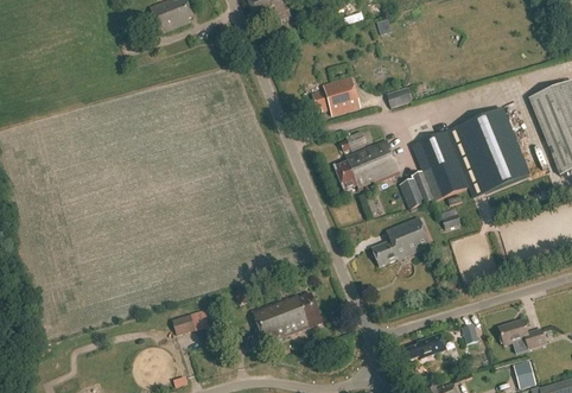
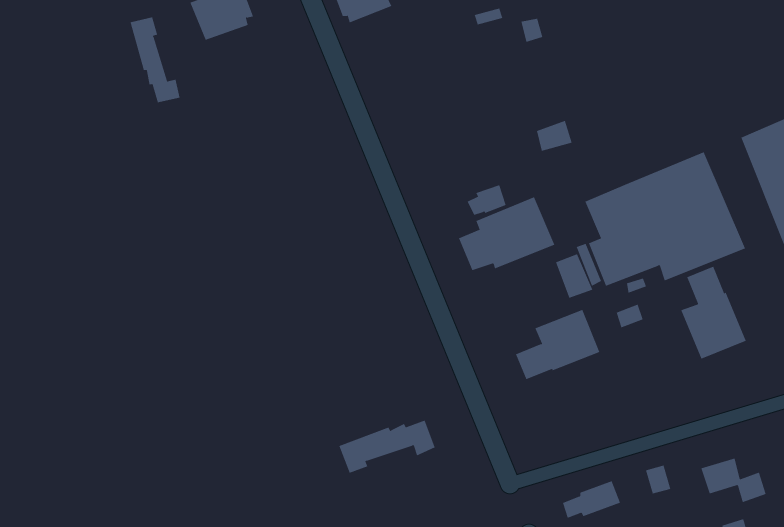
building: none -> [130,17,180,103]
building: [312,76,360,114] -> none
building: none -> [681,266,746,360]
building: [259,309,323,342] -> none
building: [172,310,209,335] -> none

